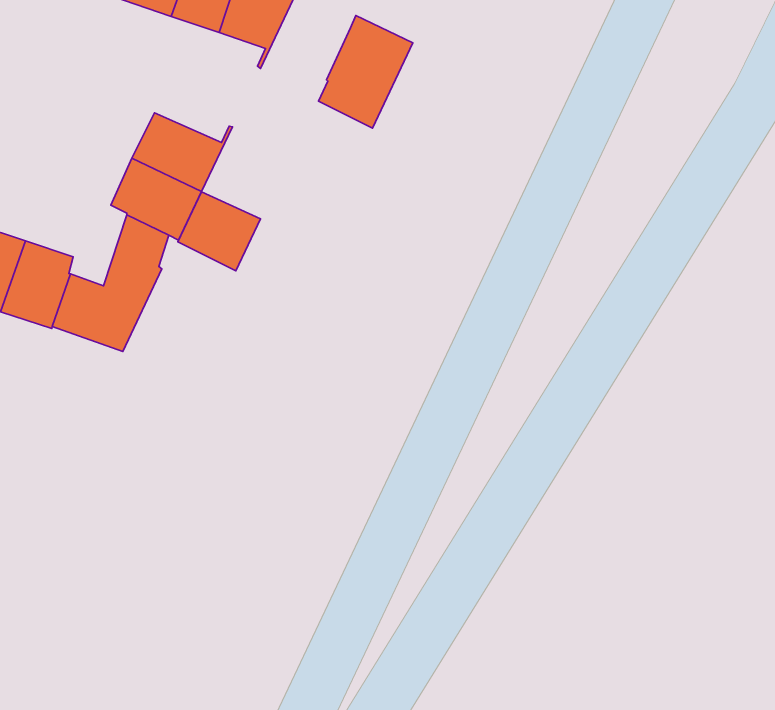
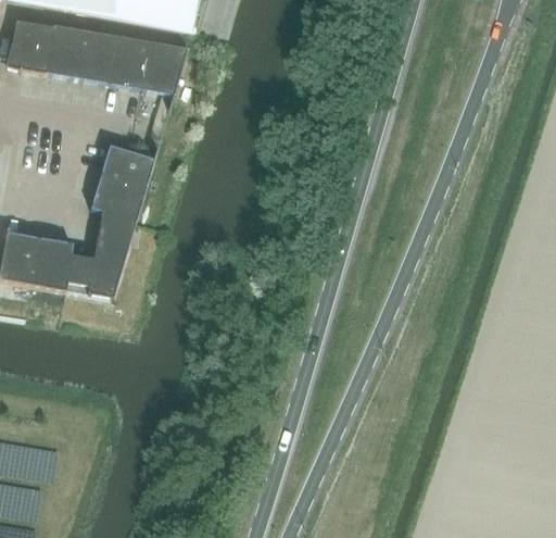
building: [318,16,413,128] -> none
building: [178,192,261,271] -> none

